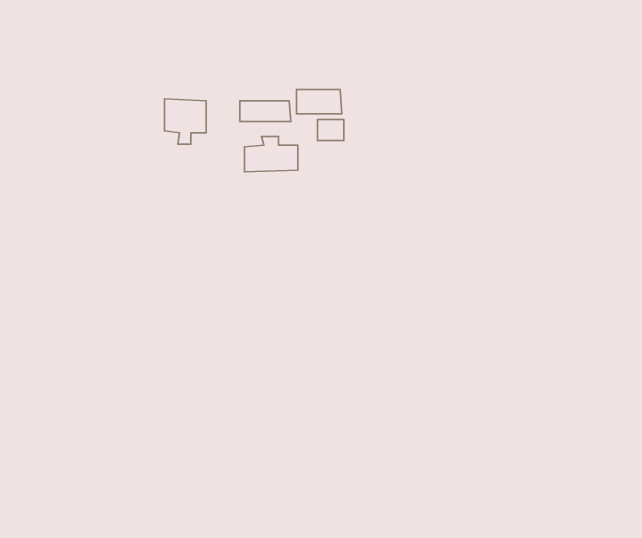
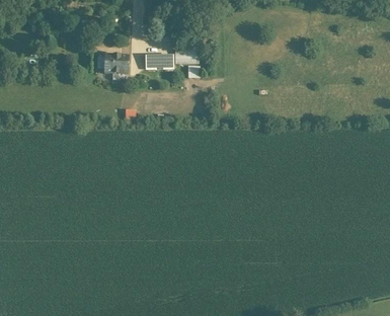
building: [245,136,298,172] -> none

